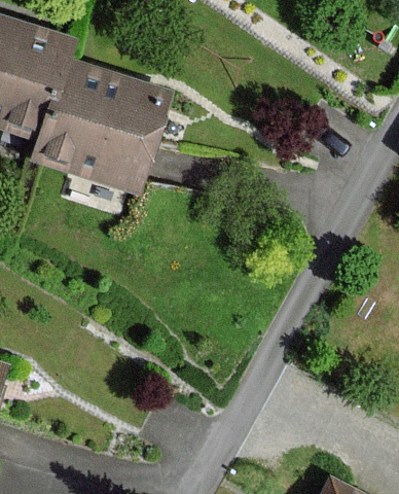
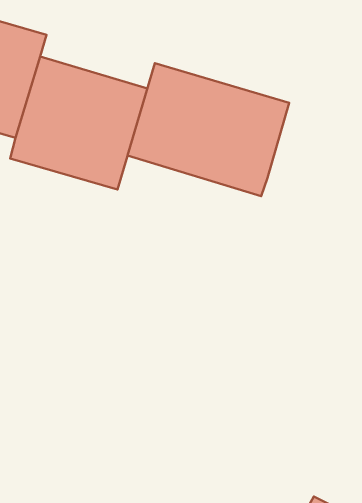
building: none -> [127,63,289,196]

